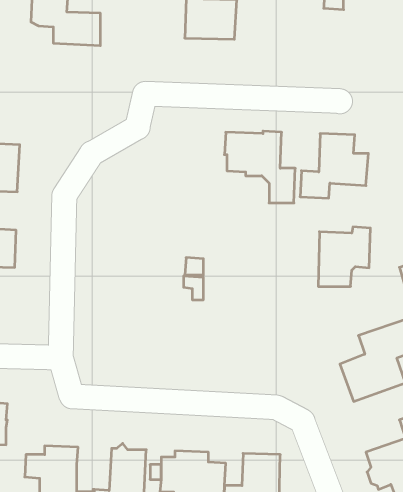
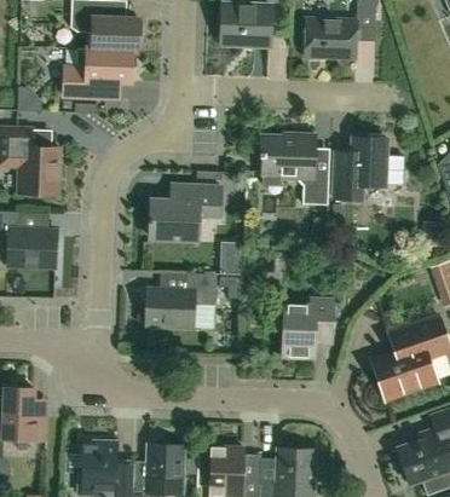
building: none -> [304,18,356,57]
building: none -> [63,47,138,97]
building: none -> [149,183,220,239]
building: [318,227,370,286] -> [282,297,333,356]
building: none -> [144,272,217,326]

